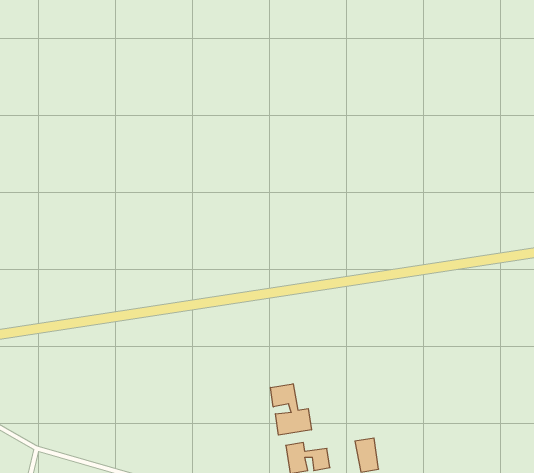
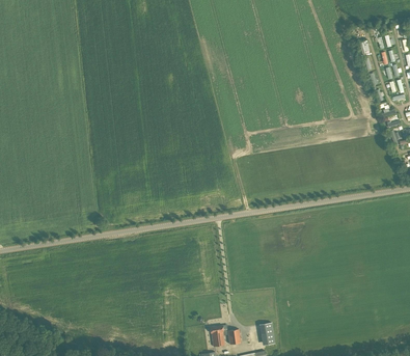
building: [271,384,311,435] -> none

